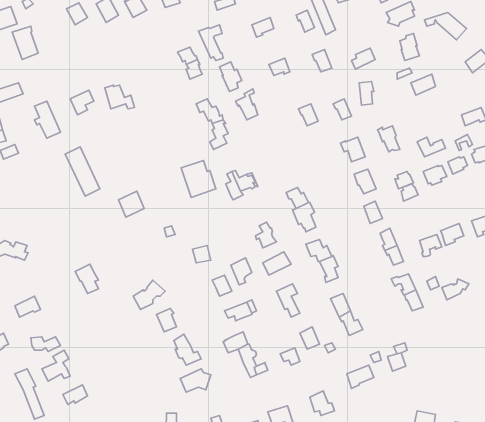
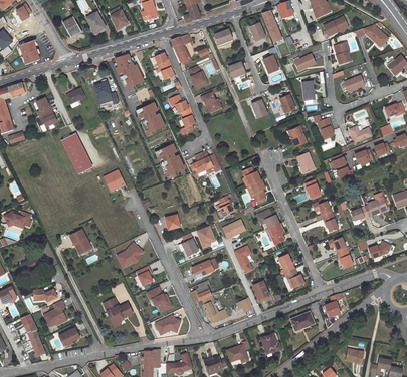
building: none -> [113,54,143,88]
building: none -> [134,100,160,134]
building: none -> [103,298,132,324]

